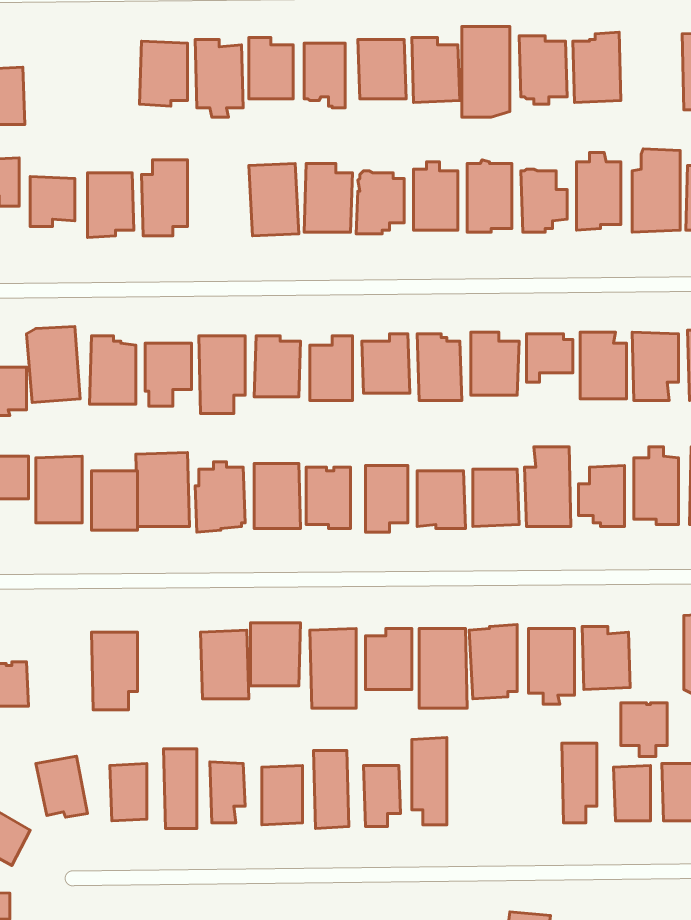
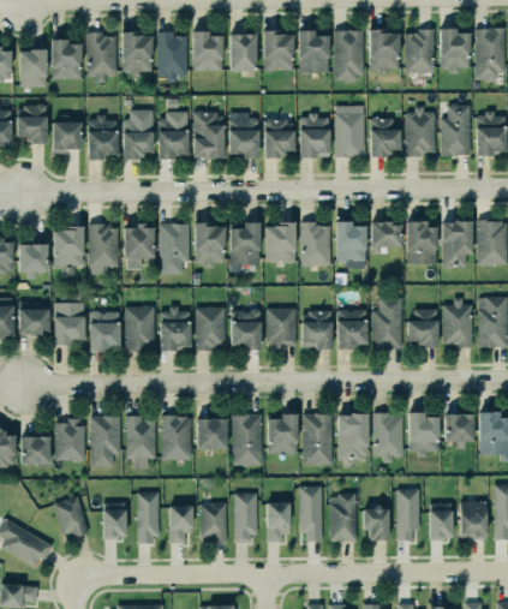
building: none -> [440,29,470,73]
building: none -> [86,35,118,80]
building: none -> [50,40,82,80]
building: none -> [156,111,187,160]
building: none -> [125,414,155,470]
building: none -> [53,418,83,460]
building: [621,703,667,756] -> [442,414,472,449]
building: none -> [328,494,355,541]
building: none -> [361,504,387,541]

